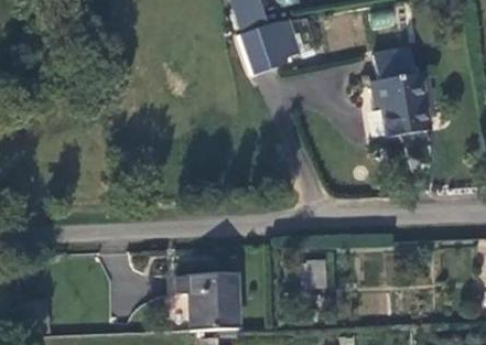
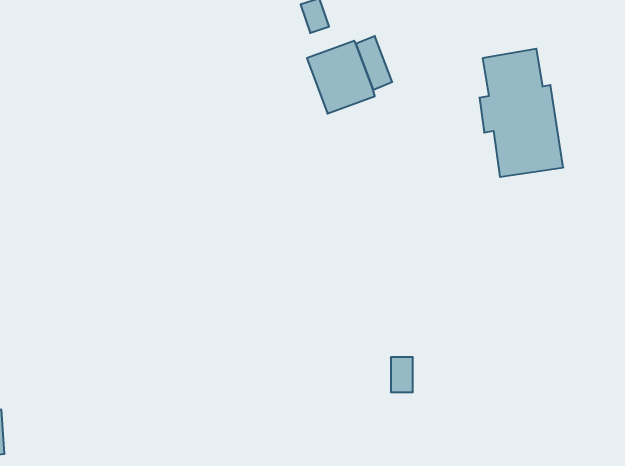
building: [177,272,237,330] -> none

